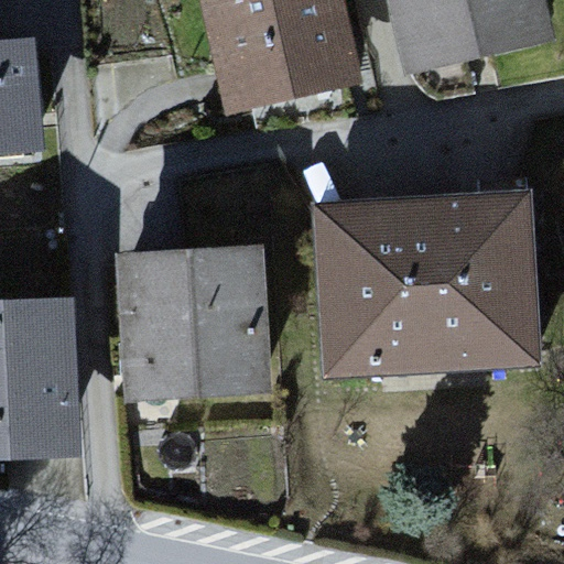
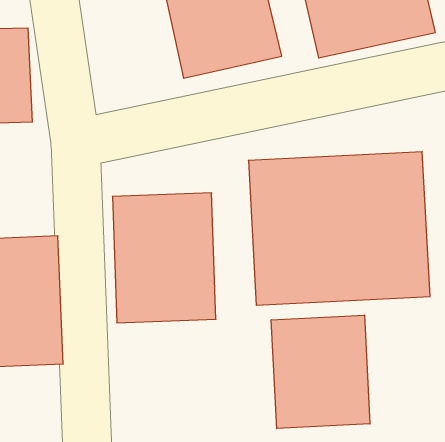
building: none -> [271,315,370,429]

